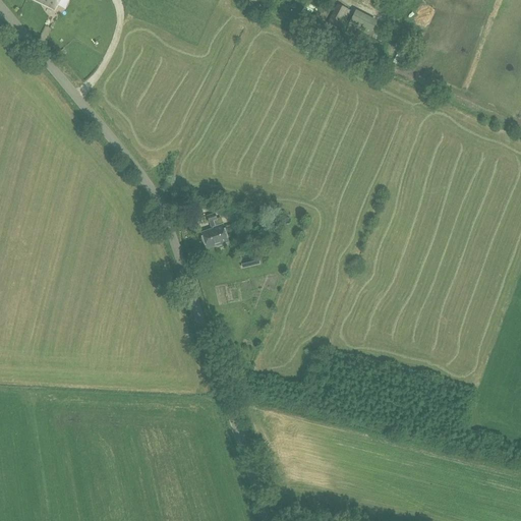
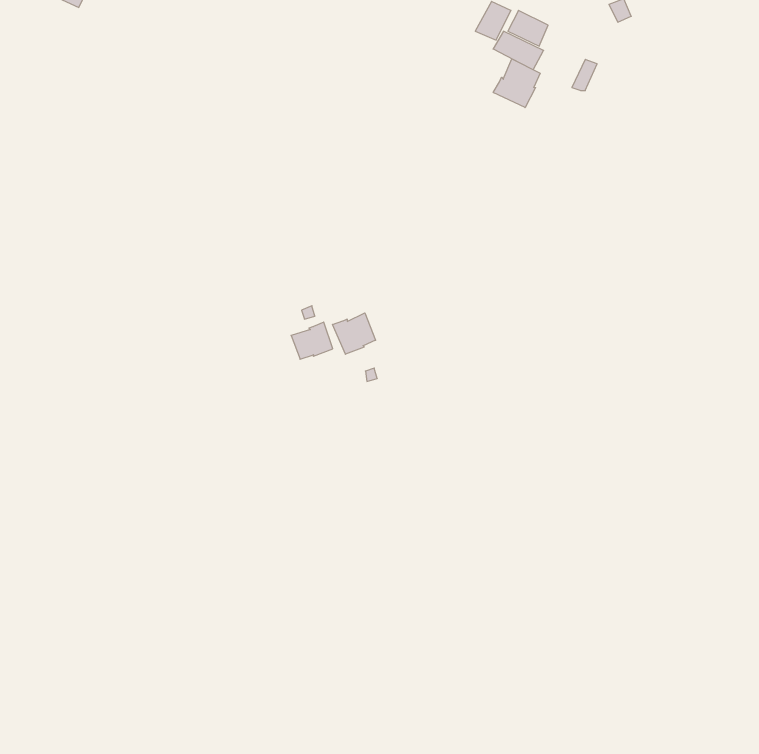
building: none -> [493,59,540,108]
building: none -> [333,313,376,354]

